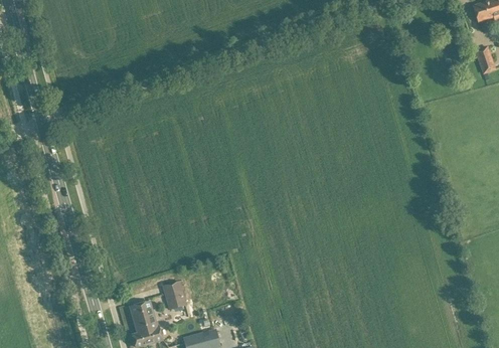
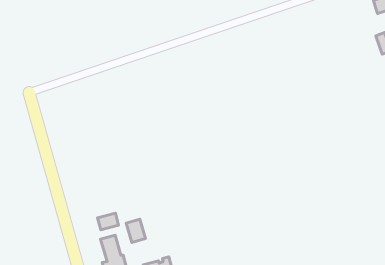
building: none -> [98,213,119,230]

